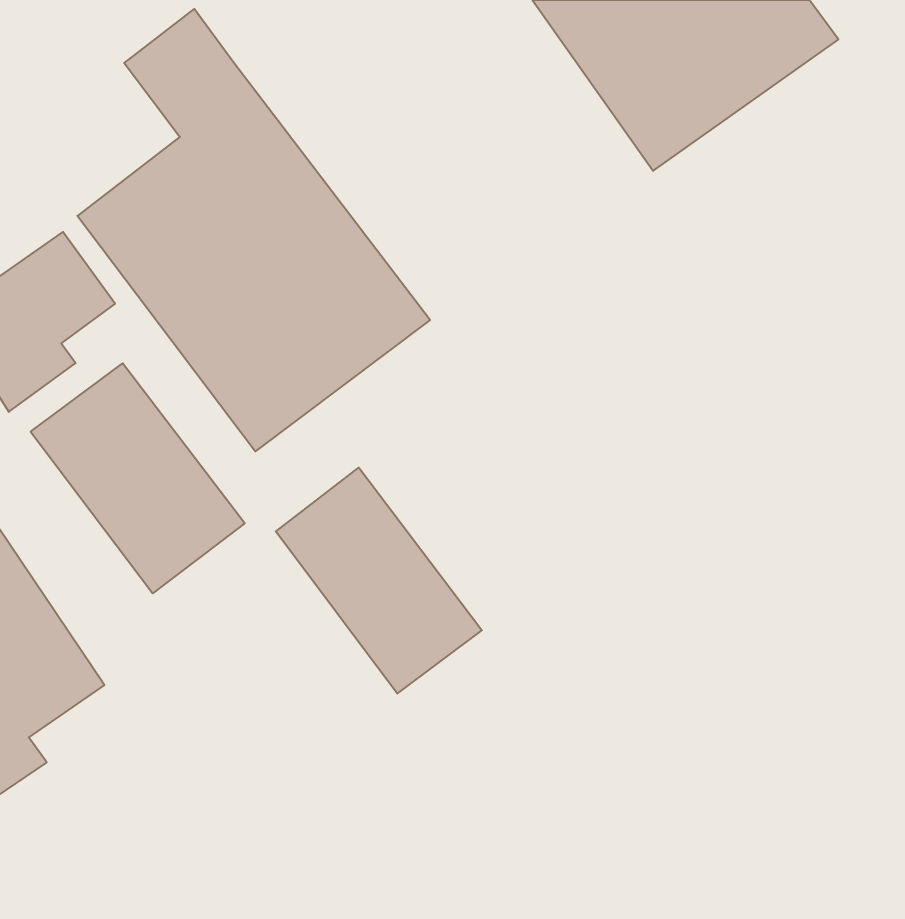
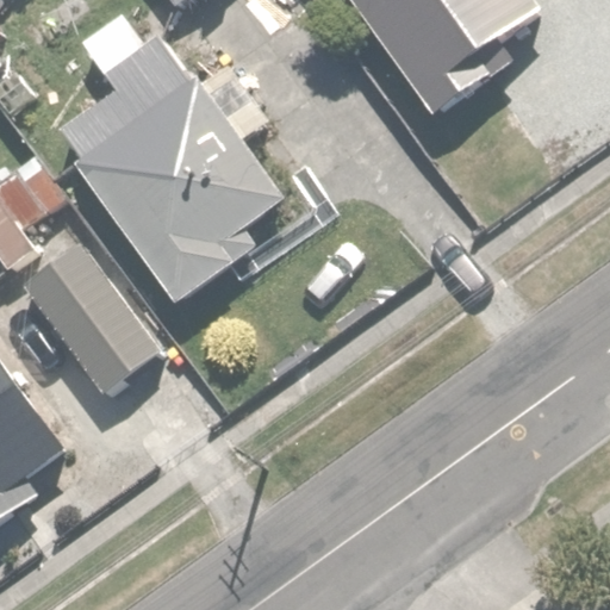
building: [276,468,482,694] -> none

